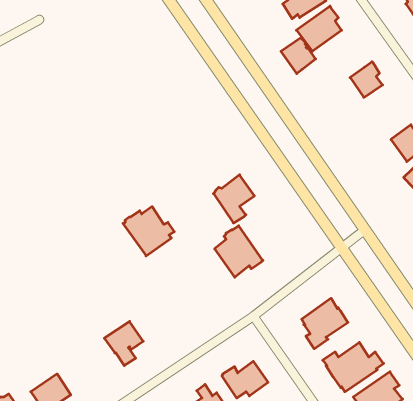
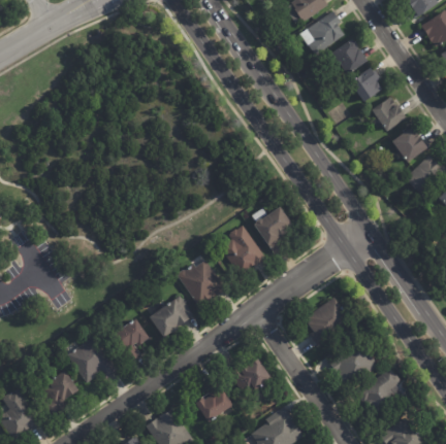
building: [281,38,316,74] -> [332,38,367,73]
building: none -> [372,96,407,131]
building: [213,175,254,223] -> [254,205,294,252]
building: [123,207,174,256] -> [177,259,227,307]
building: none -> [149,295,193,337]
building: none -> [66,336,117,383]

